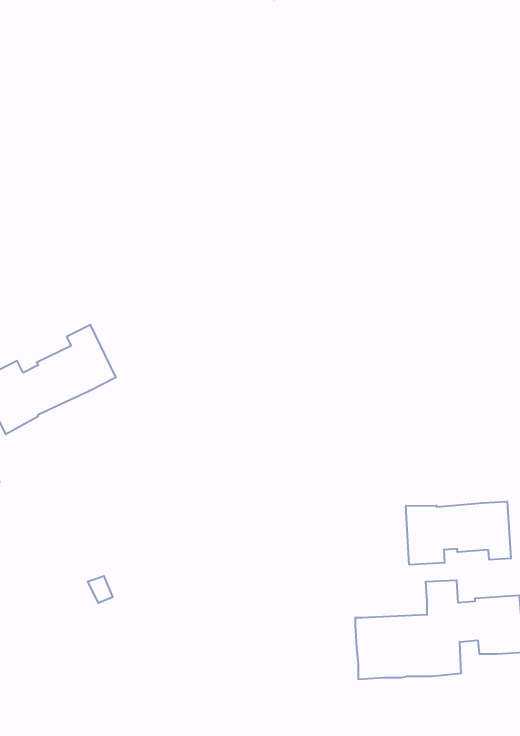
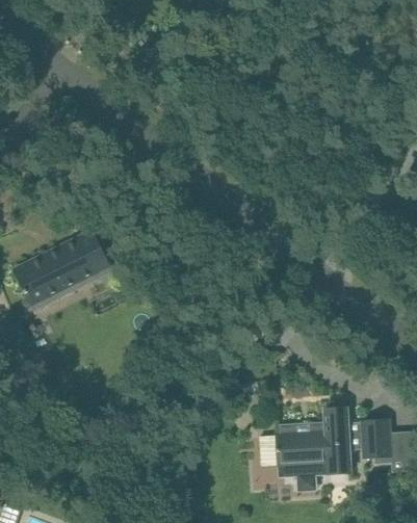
building: [406,501,511,565] -> none

